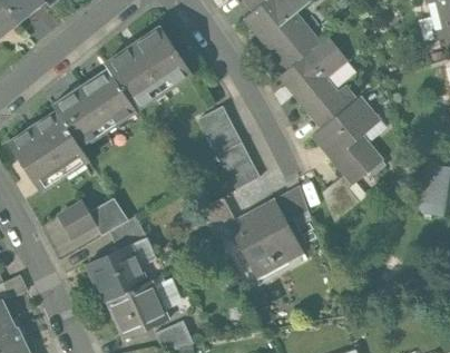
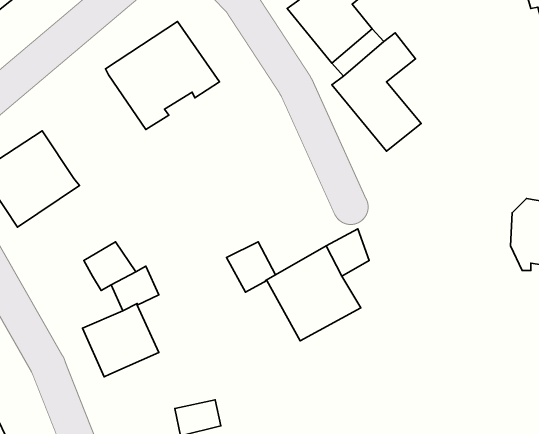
building: [51,68,136,148] -> none
building: [317,97,382,183] -> none
building: [198,107,260,190] -> none
building: [58,202,95,238] -> none
building: [108,281,167,337] -> none

